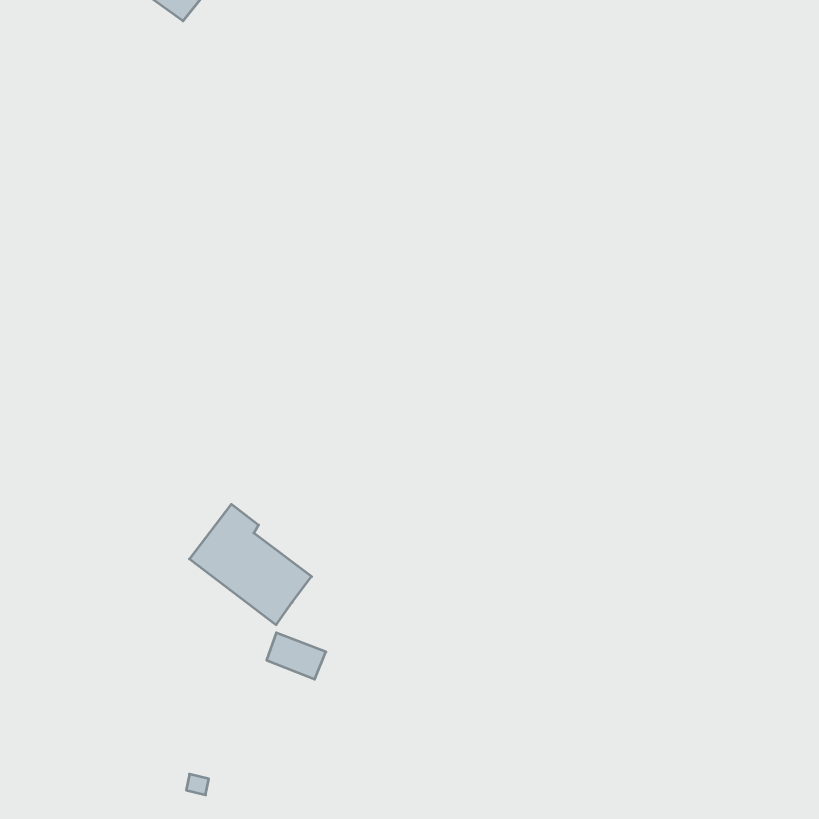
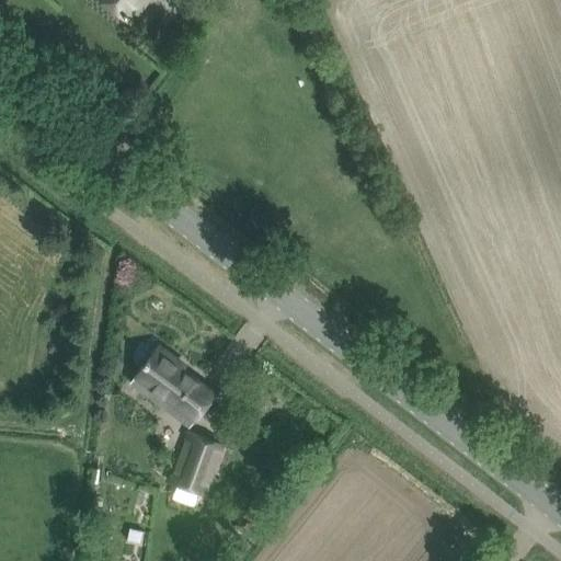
building: none -> [171,450,216,495]

